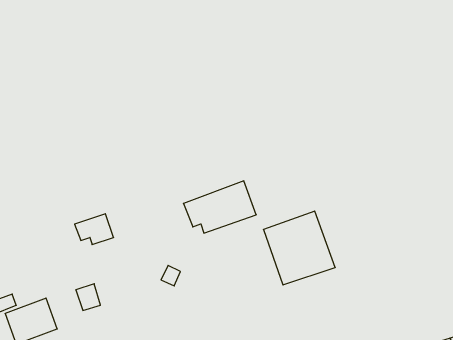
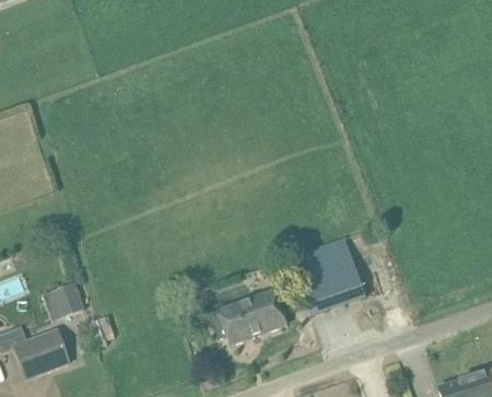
building: [183,181,256,233] -> [208,288,285,343]
building: [75,214,114,245] -> [42,282,83,315]

